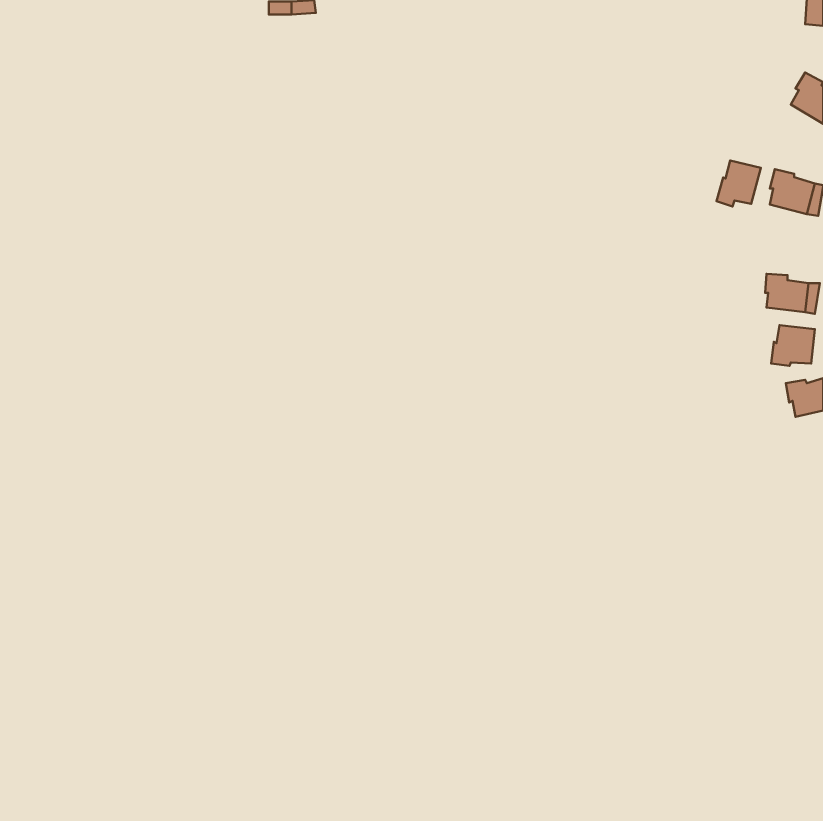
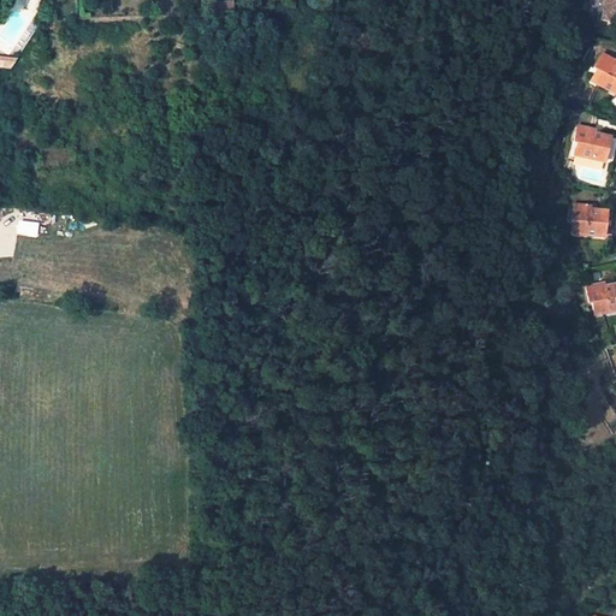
building: [716,161,761,206] -> none
building: [771,325,815,366] -> none

